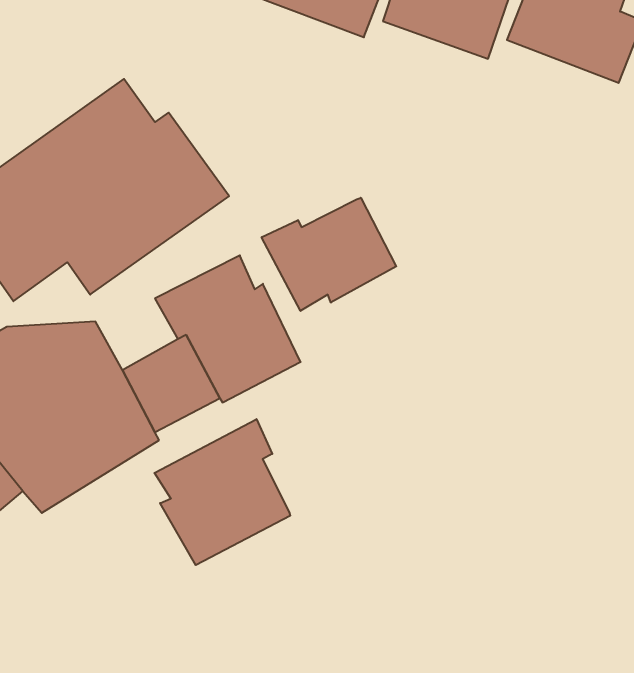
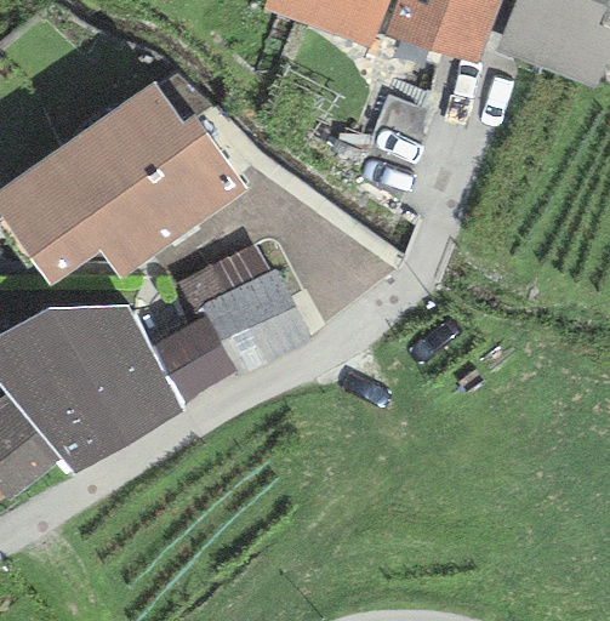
building: [262,198,396,311] -> none
building: [154,419,290,565] -> none

